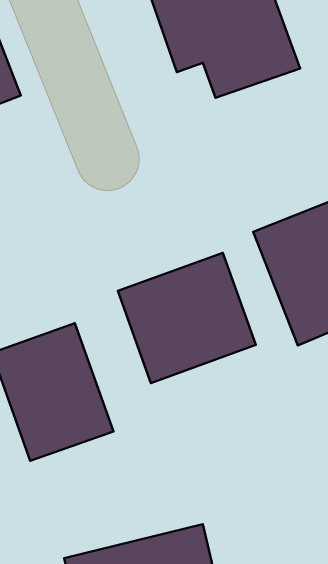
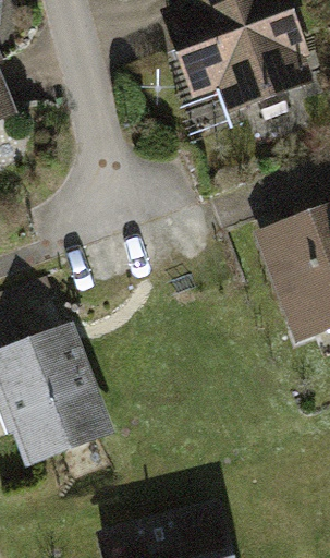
building: [118,253,256,383] -> none

